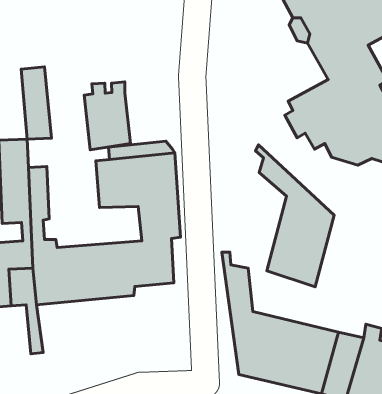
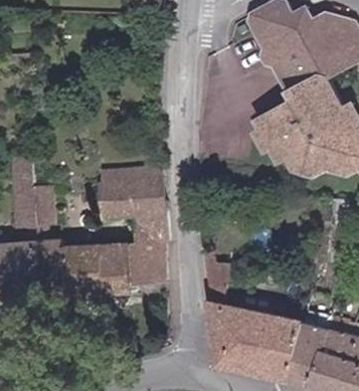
building: [21,67,52,139] -> none
building: [84,82,131,150] -> none
building: [255,145,334,287] -> none

